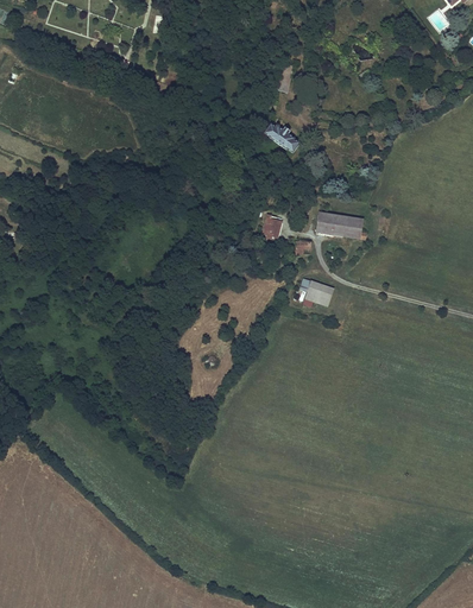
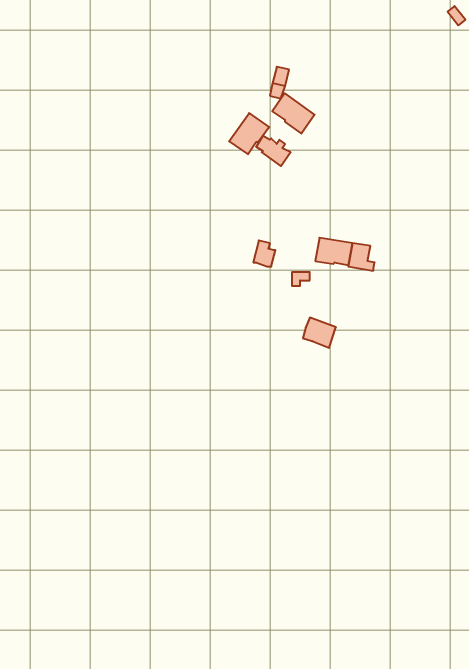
building: none -> [272,93,315,134]
building: none -> [229,113,269,154]

